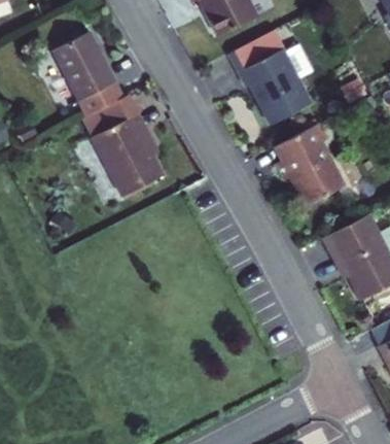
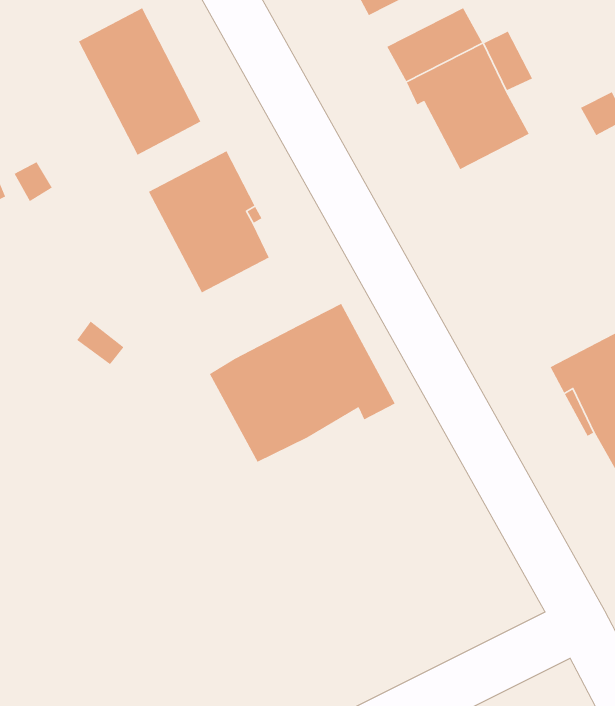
building: [82,95,137,137] -> none
building: [275,123,343,205] -> none
building: none -> [209,303,396,463]

